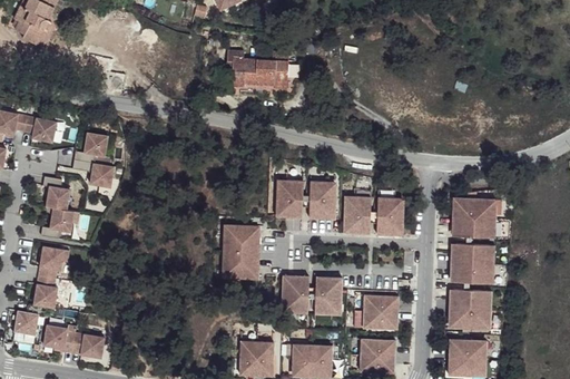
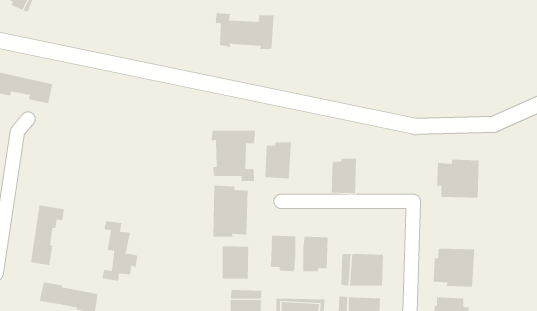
building: [75,132,116,187] -> none
building: none -> [211,130,256,182]
building: [42,176,80,239] -> [101,221,138,281]
building: [309,183,336,220] -> none
building: [377,198,404,235] -> none
building: [451,244,494,284] -> none
building: none -> [222,246,249,280]
building: [16,303,48,334] -> none

